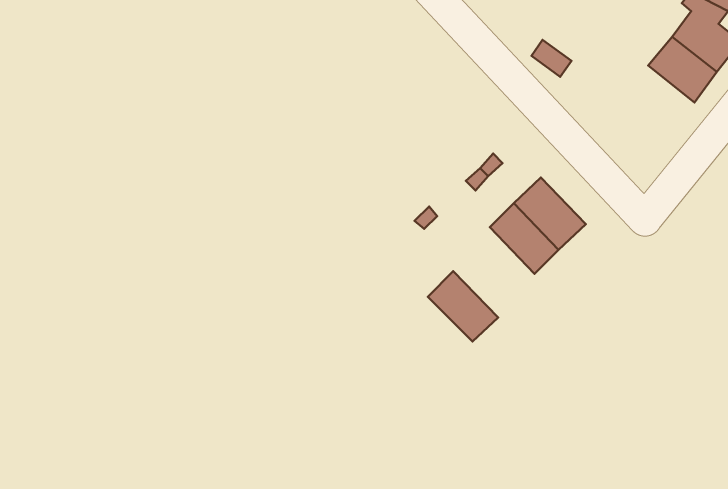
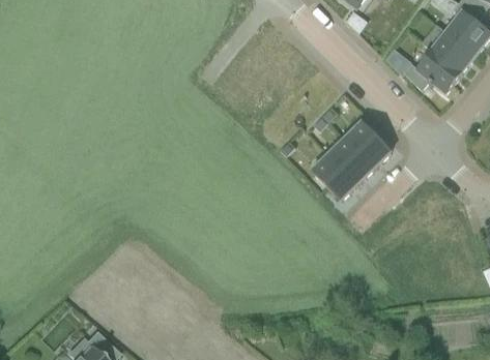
building: none -> [403,50,461,93]
building: [428,271,498,342] -> [312,154,357,200]

